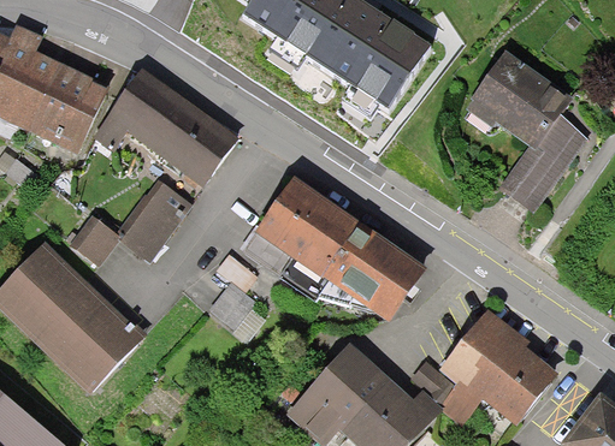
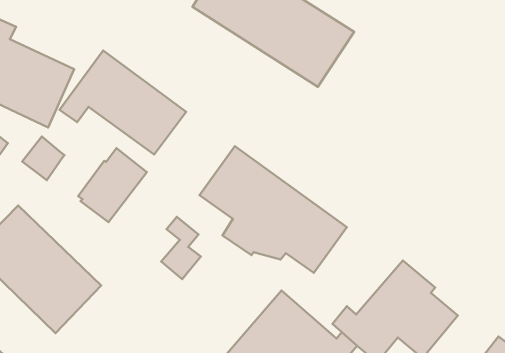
building: [465,53,590,212] -> none
building: [70,215,119,266] -> [22,137,65,180]

